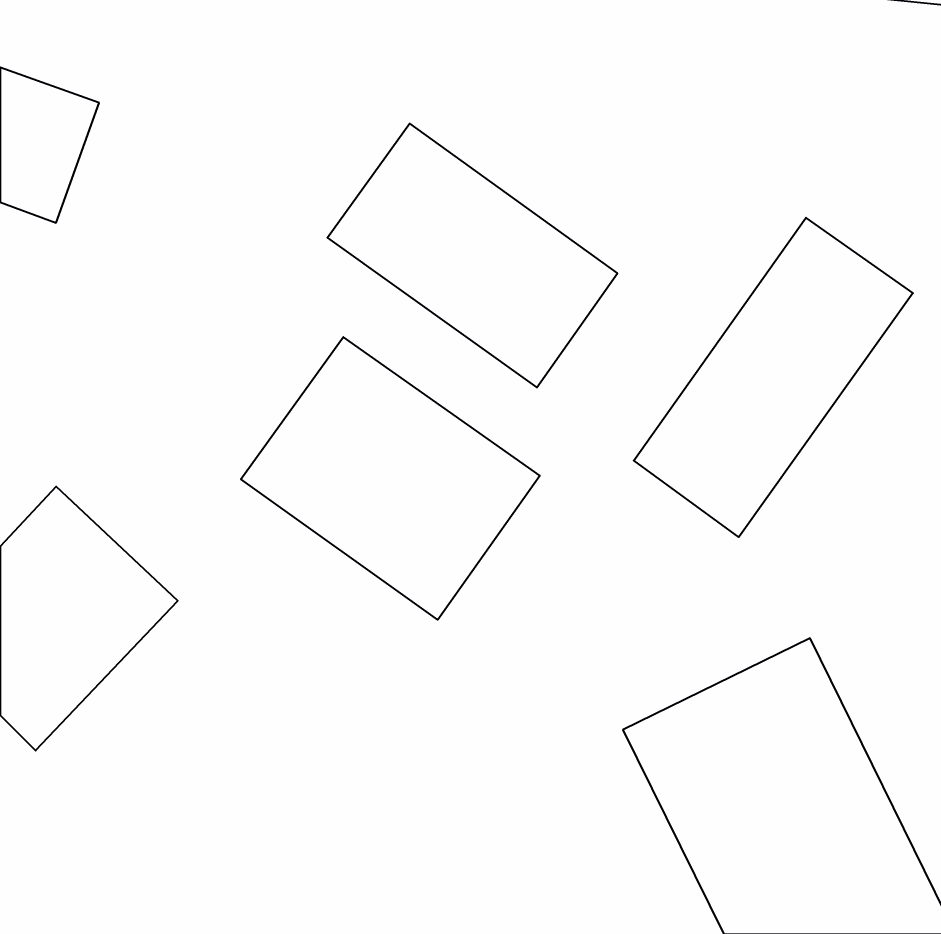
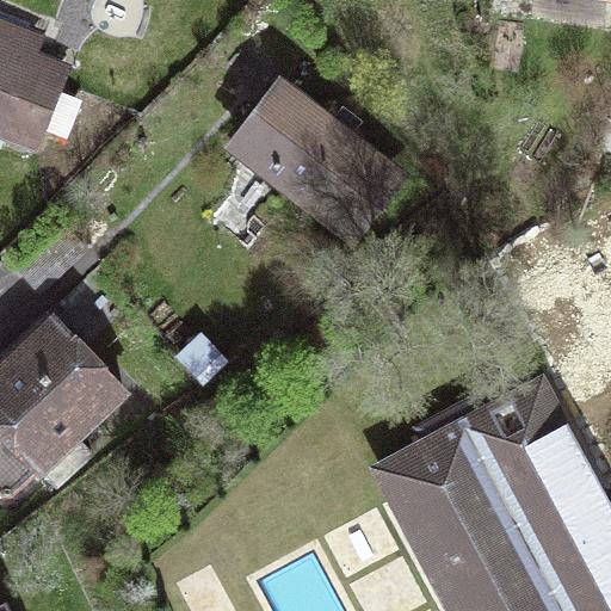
building: [634,218,913,537] -> none
building: [241,337,540,620] -> none

